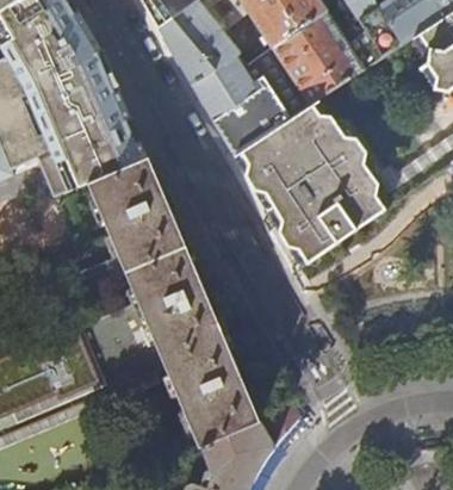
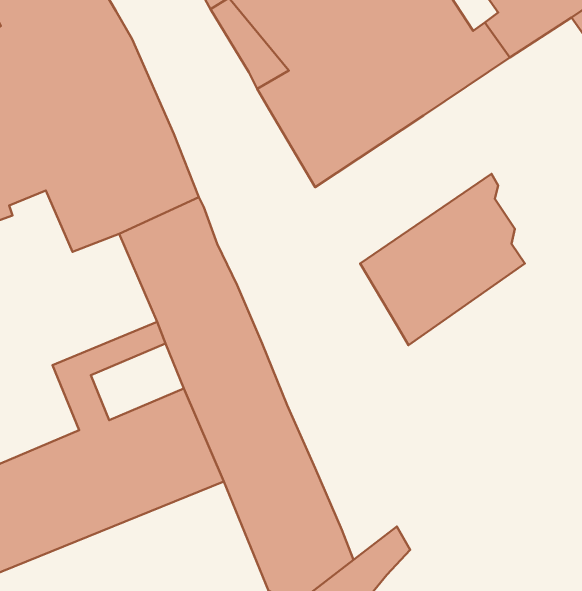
building: [231,104,358,210] -> none

